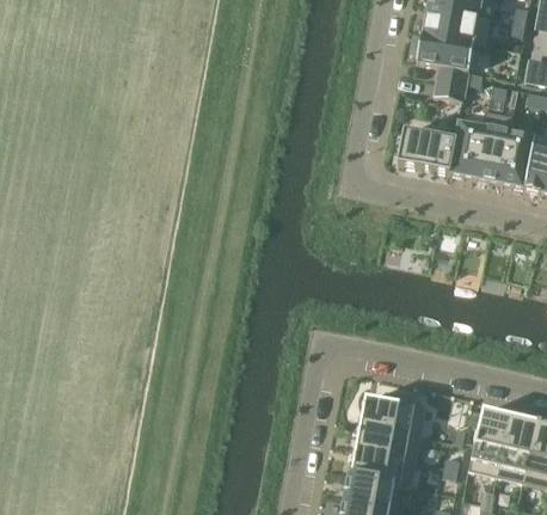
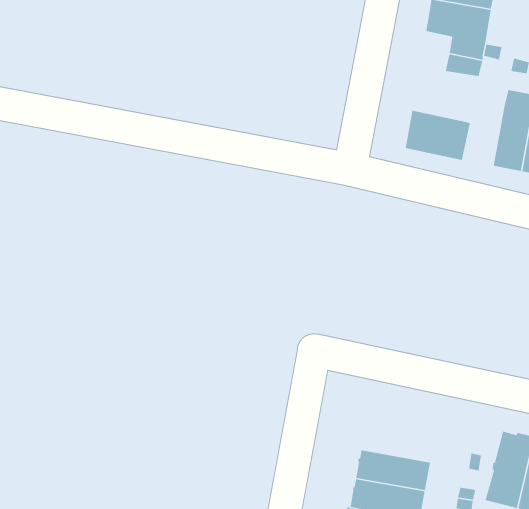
building: [449,119,485,177] -> none
building: [361,388,426,434] -> none

